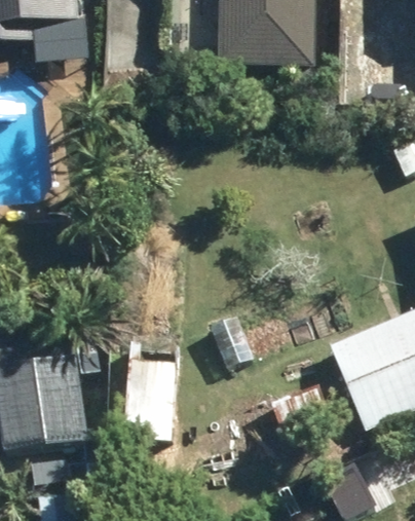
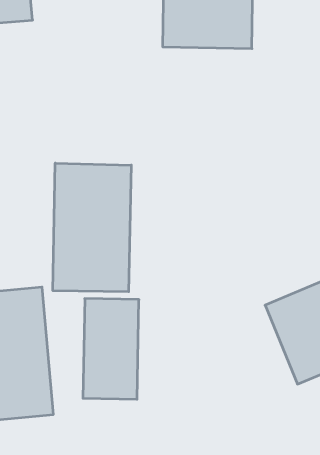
building: none -> [53,163,131,292]

